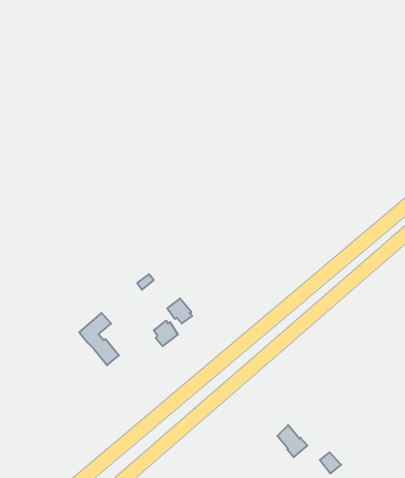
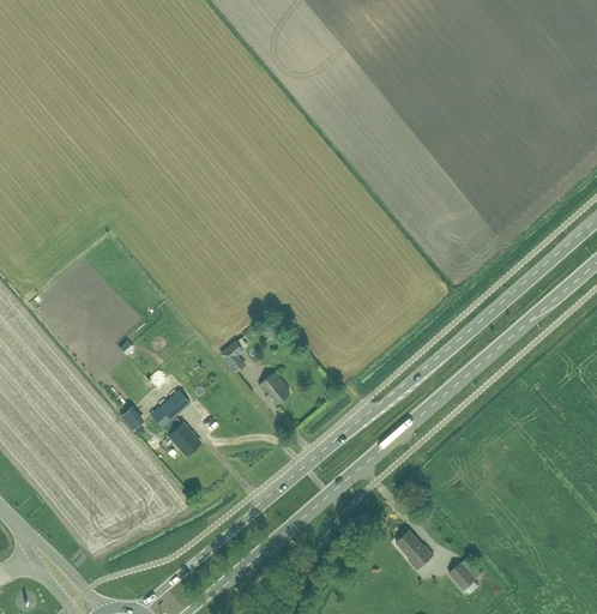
building: [154,321,178,346] -> none

